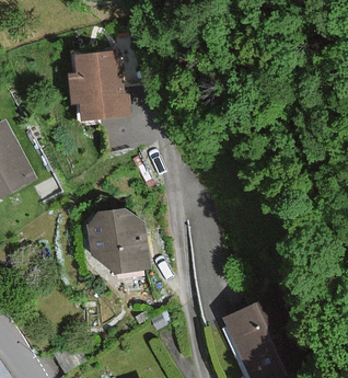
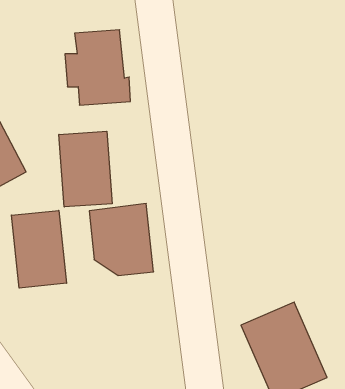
building: none -> [59,131,112,207]
building: none -> [11,210,67,288]

